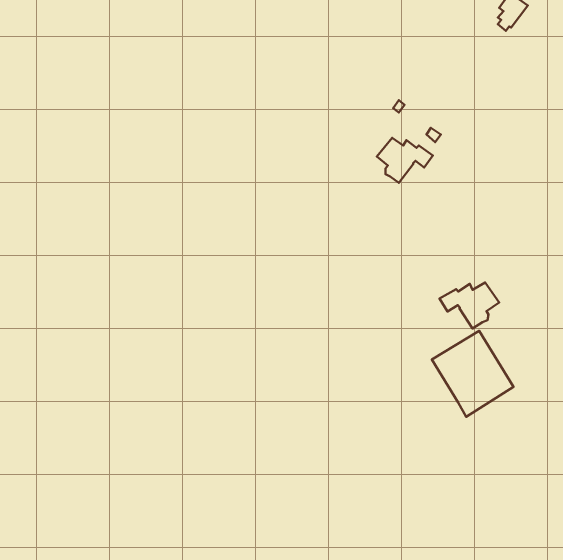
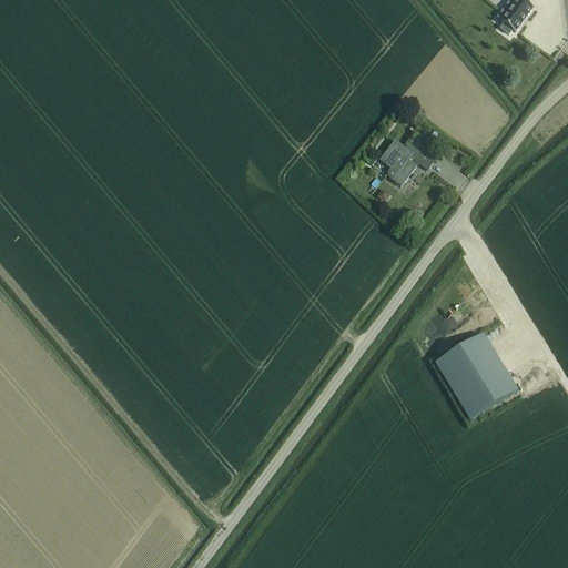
building: [440,282,499,329] -> none

